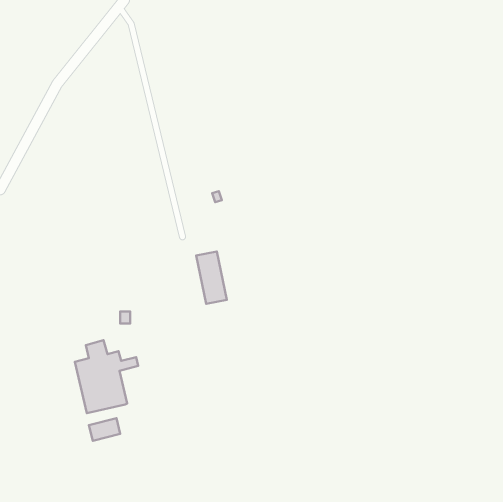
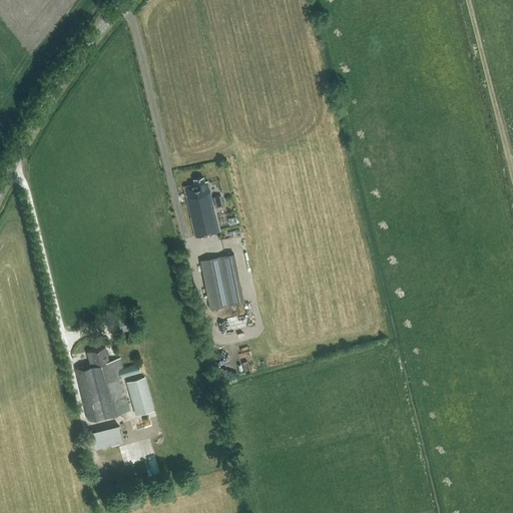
building: none -> [185,179,220,238]
building: none -> [127,378,156,417]

